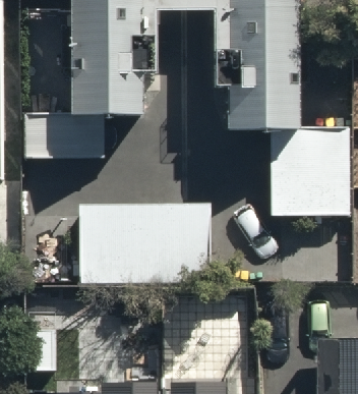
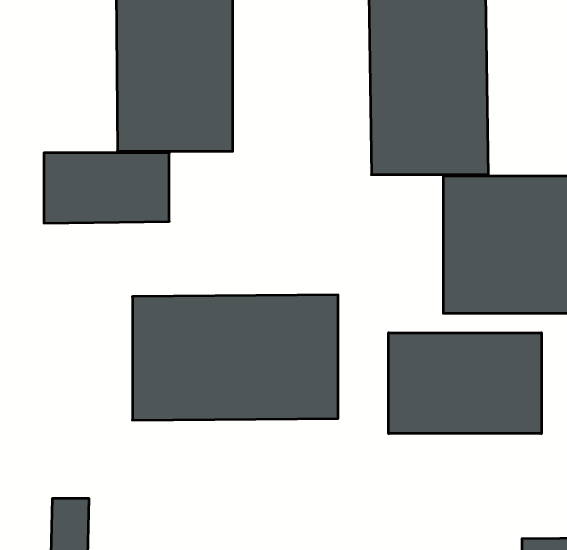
building: none -> [389,333,541,434]

